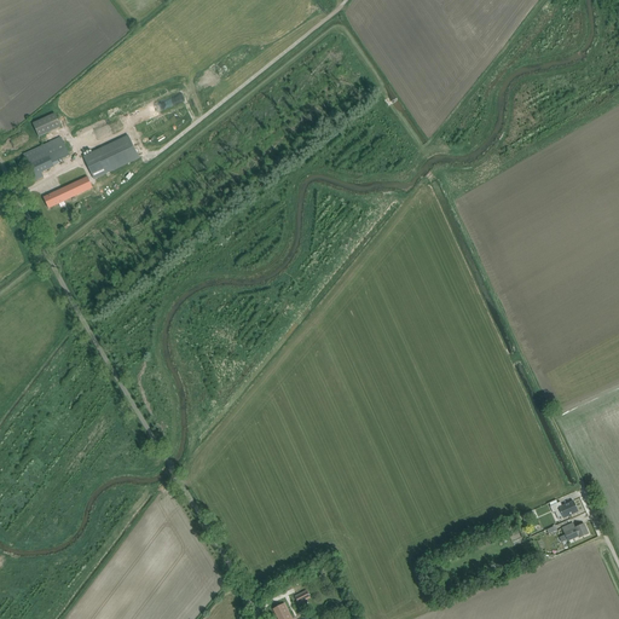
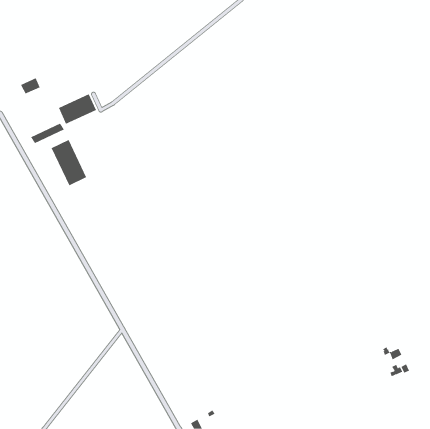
building: [24,137,70,179] -> none
building: none -> [51,139,87,186]

